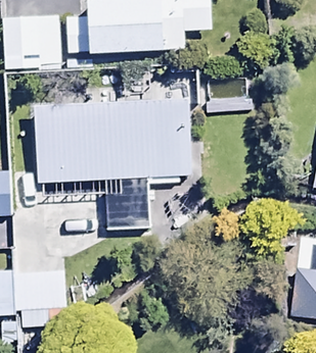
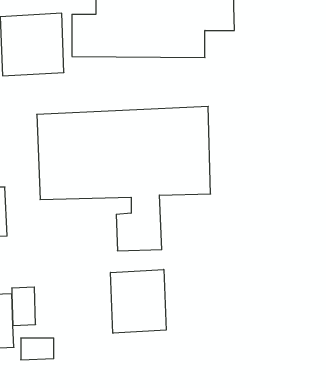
building: none -> [111,269,166,333]

